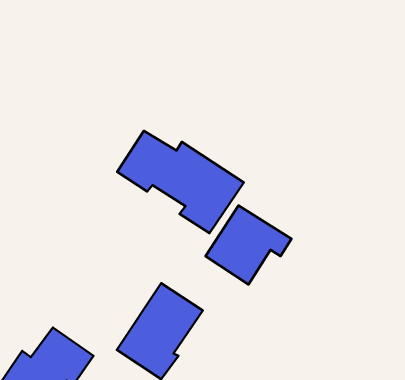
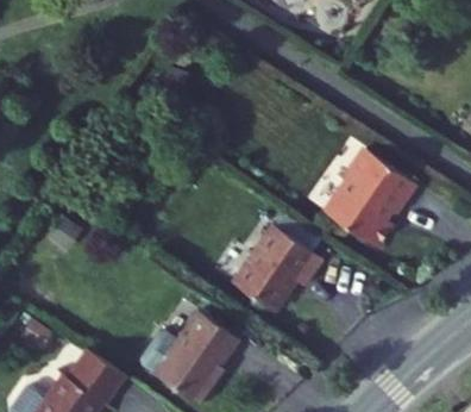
building: none -> [324,146,416,245]
building: [117,131,244,233] -> none

